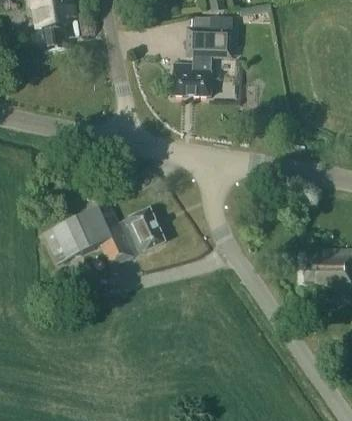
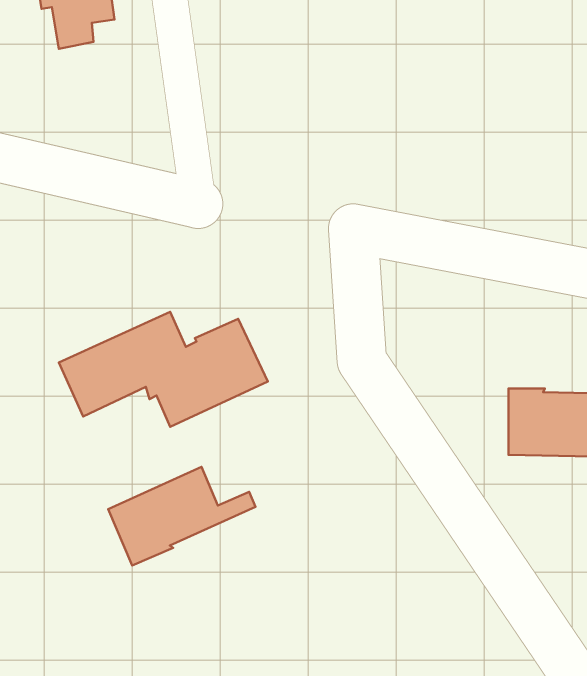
building: [172,27,235,96] -> none
building: none -> [108,467,255,566]

